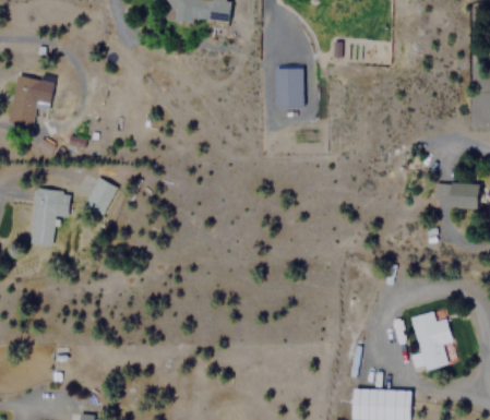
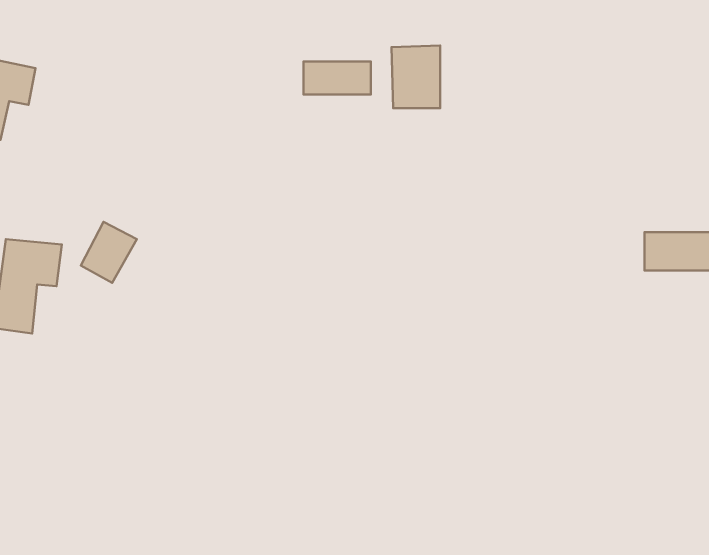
building: none -> [304,62,371,95]
building: [410,312,452,371] -> none

